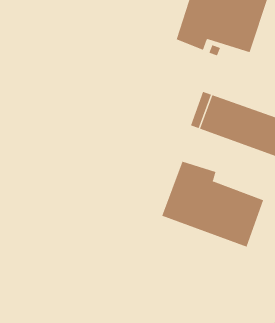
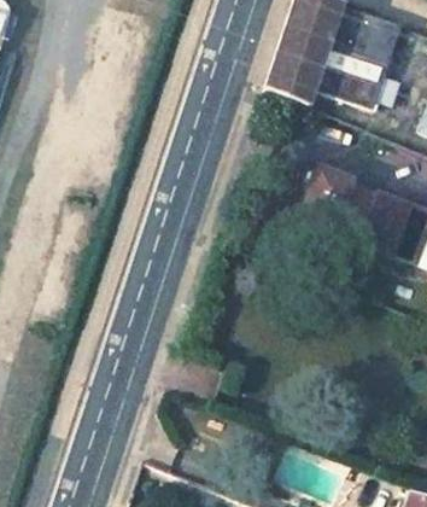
building: [161,161,264,248] -> none

